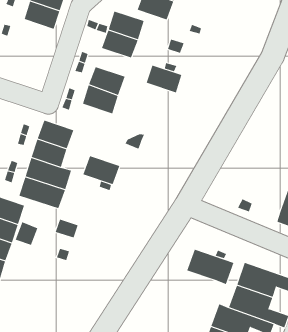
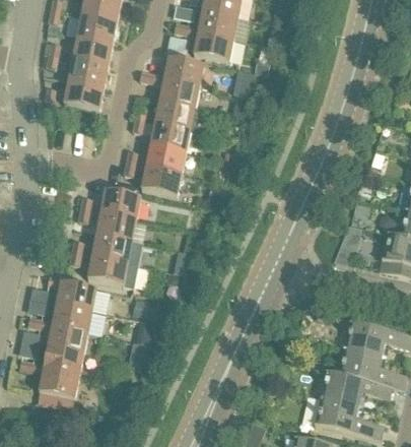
building: none -> [63,78,104,109]
building: [146,65,182,93] -> [154,100,194,128]
building: [83,155,120,185] -> [140,165,181,194]
building: [187,249,234,285] -> none

